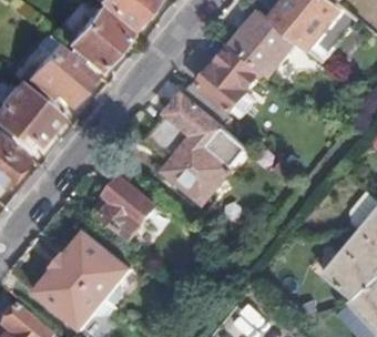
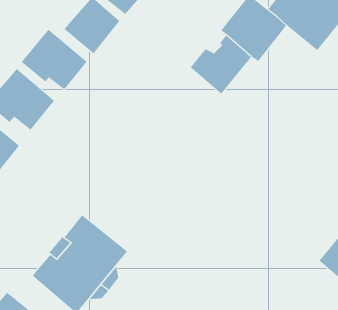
building: [145,86,241,198] -> none
building: [91,176,153,236] -> none

